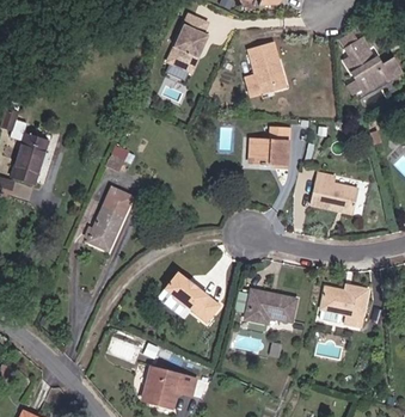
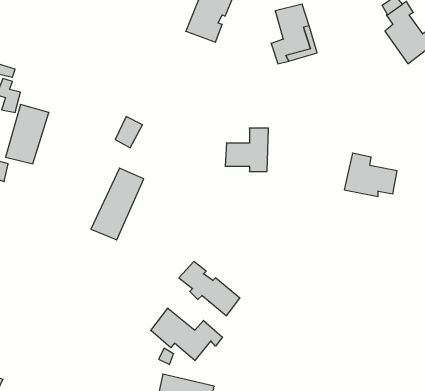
building: [251,127,289,165] -> [225,128,268,171]
building: [320,286,369,326] -> none
building: [244,289,296,321] -> none
building: none -> [151,308,222,361]

